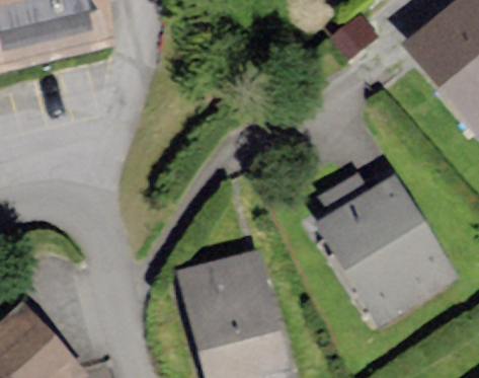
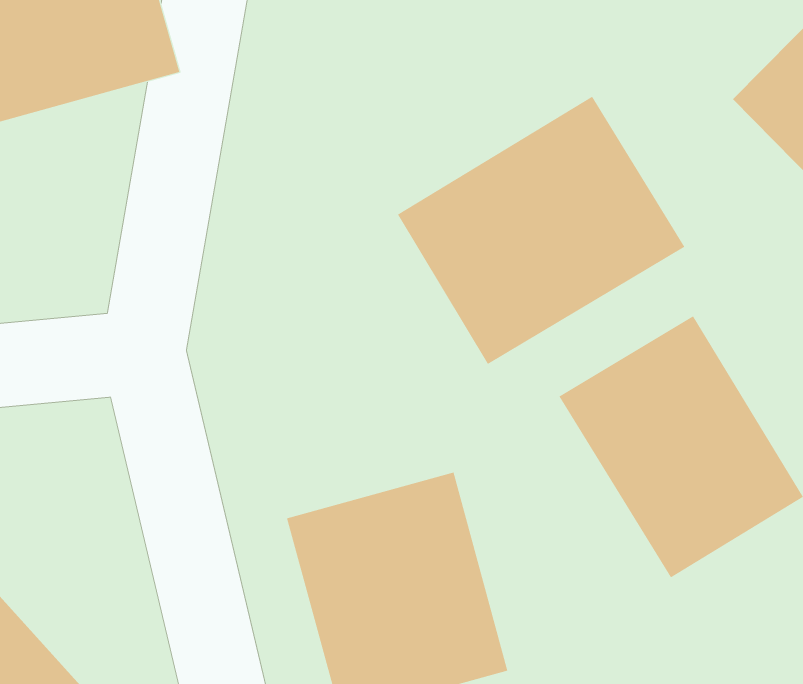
building: none -> [397,96,685,365]

